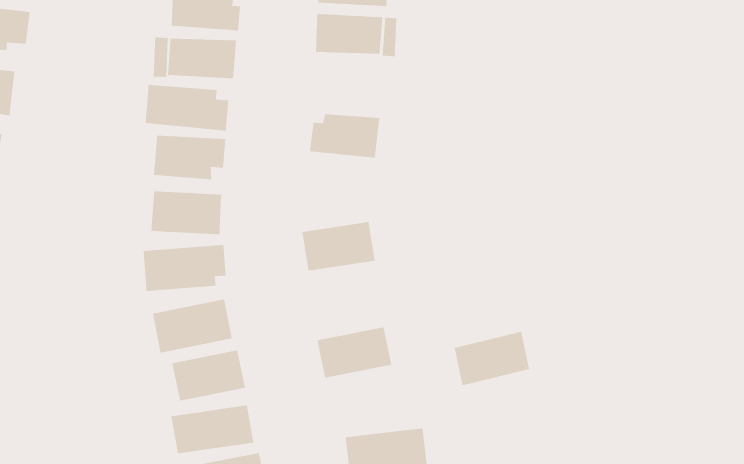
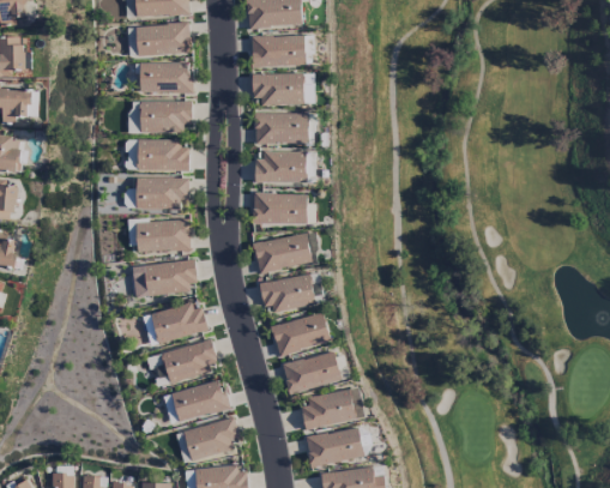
building: none -> [255,113,309,143]
building: none -> [253,193,307,223]
building: none -> [259,275,315,311]
building: [454,331,530,386] -> [282,349,342,394]

